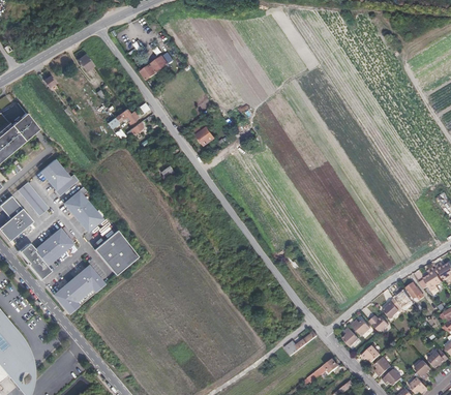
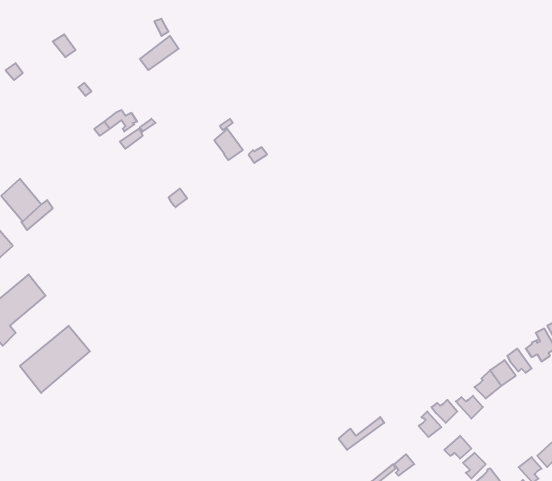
building: [63,190,101,231] -> none
building: [93,231,137,274] -> none

